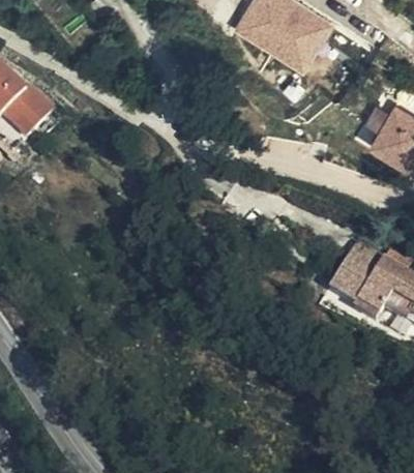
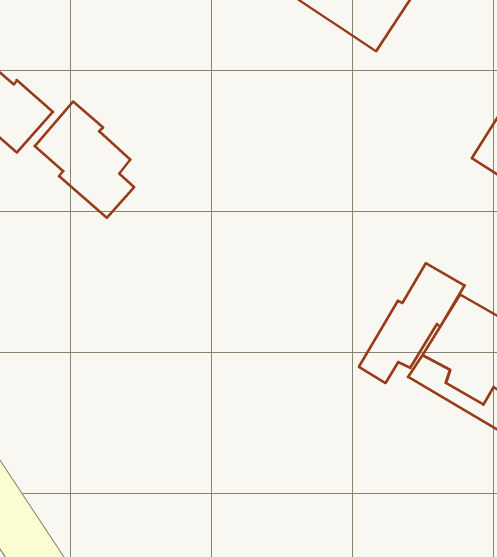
building: none -> [35,102,134,218]
building: none -> [359,263,465,383]

